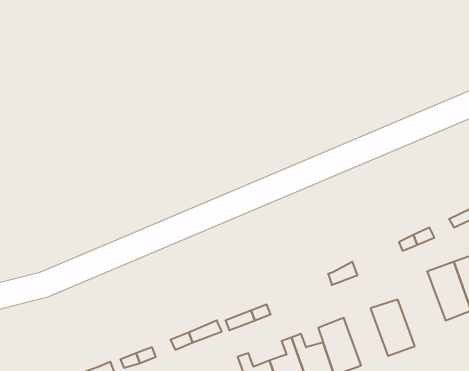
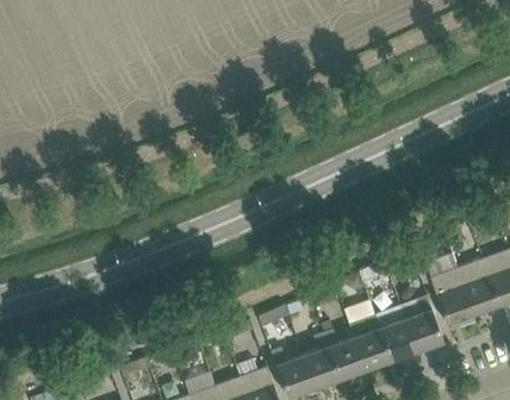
building: none -> [430,269,474,326]
building: none -> [375,306,418,361]

